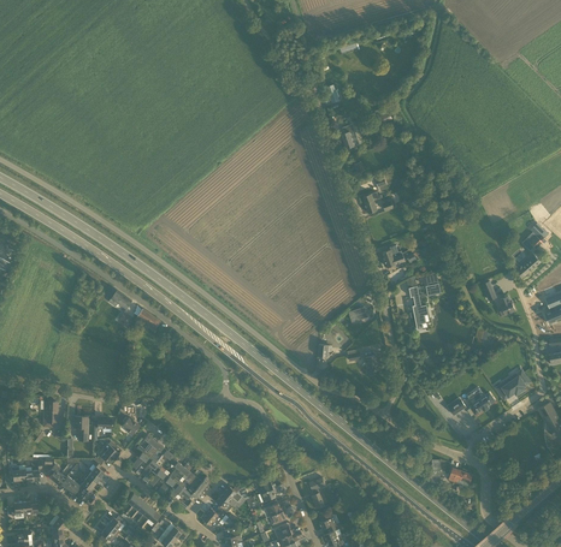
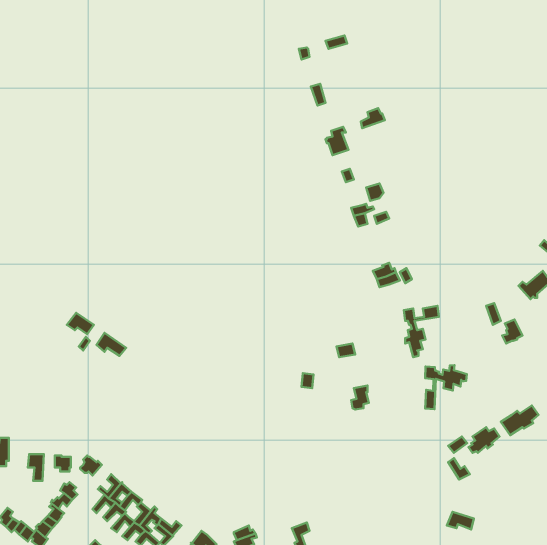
building: none -> [425,365,467,409]

